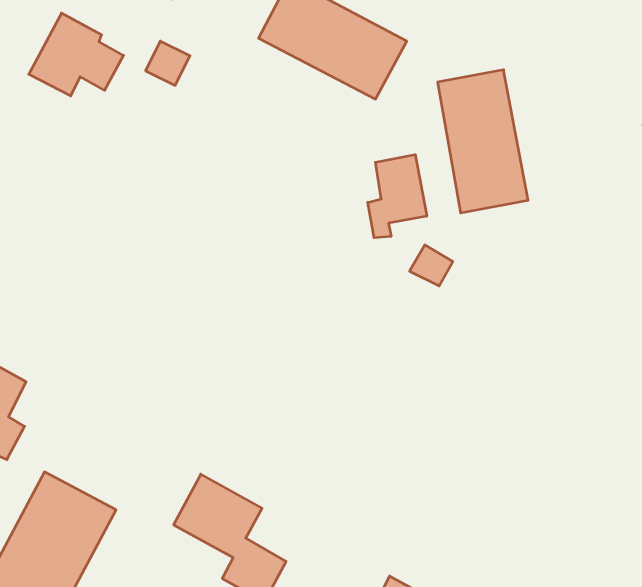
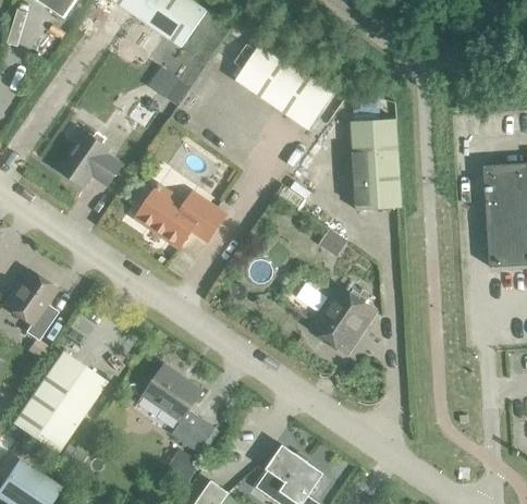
building: [29,13,124,96] -> [58,133,122,188]
building: [368,155,427,238] -> none
building: none -> [135,186,225,248]
building: none -> [309,286,372,351]

